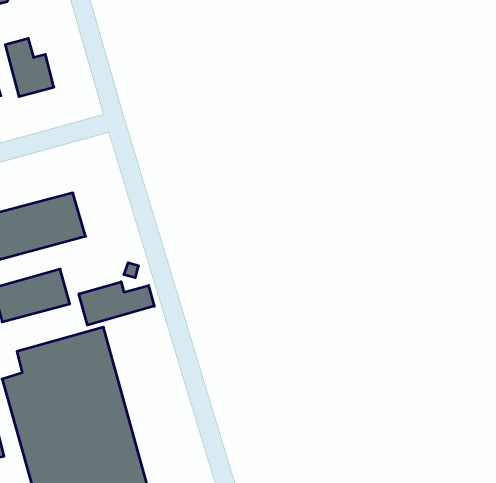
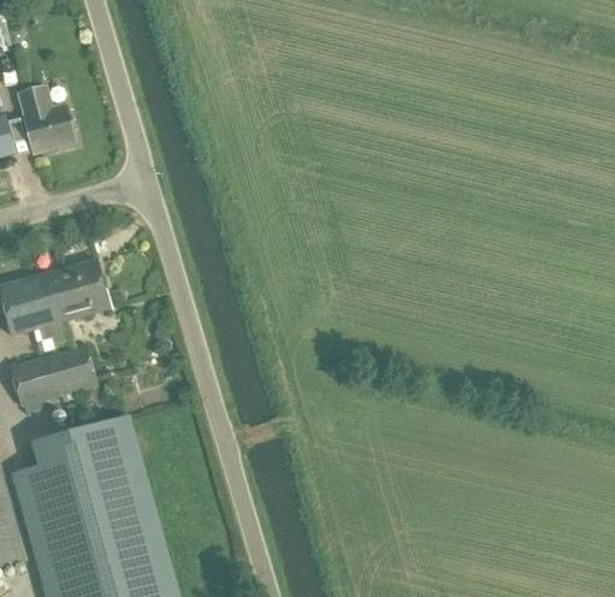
building: [79,282,154,325] -> none

